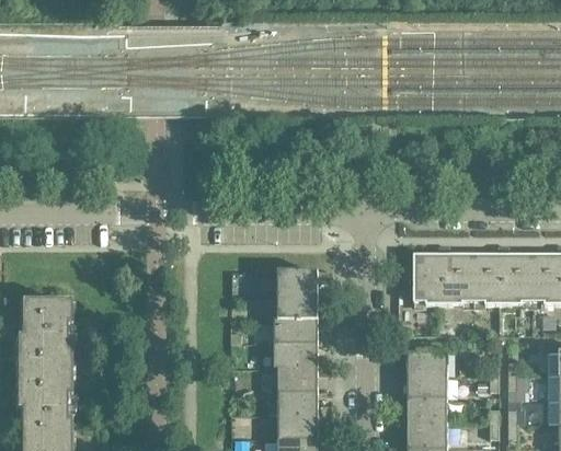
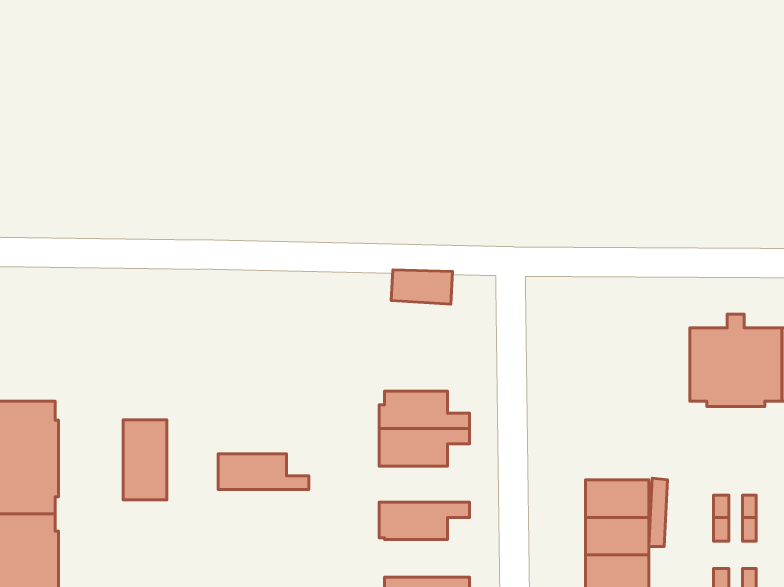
building: [414,244,474,303] -> none
building: [275,269,333,293] -> none
building: none -> [123,420,167,500]
building: [275,342,333,365] -> [218,454,309,490]
building: [278,389,333,413] -> none

